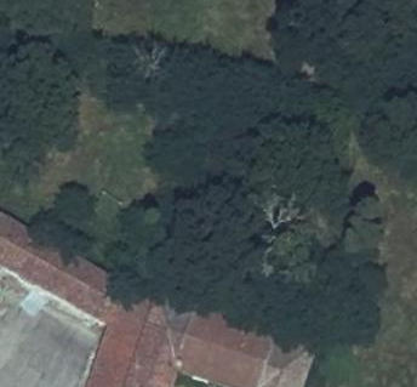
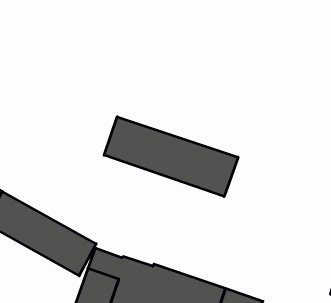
building: none -> [104,117,238,197]

